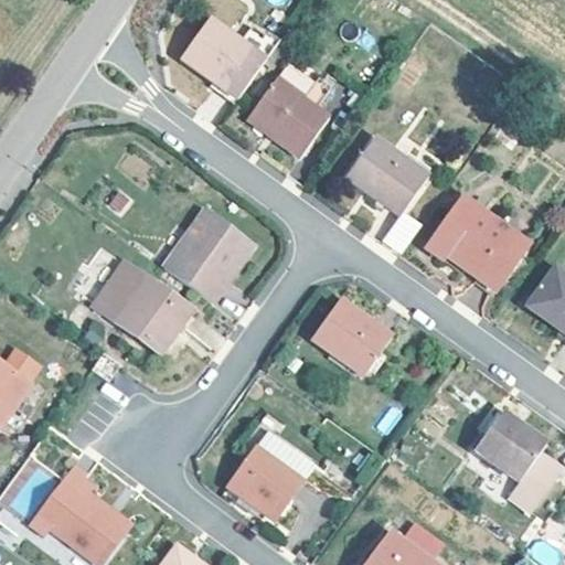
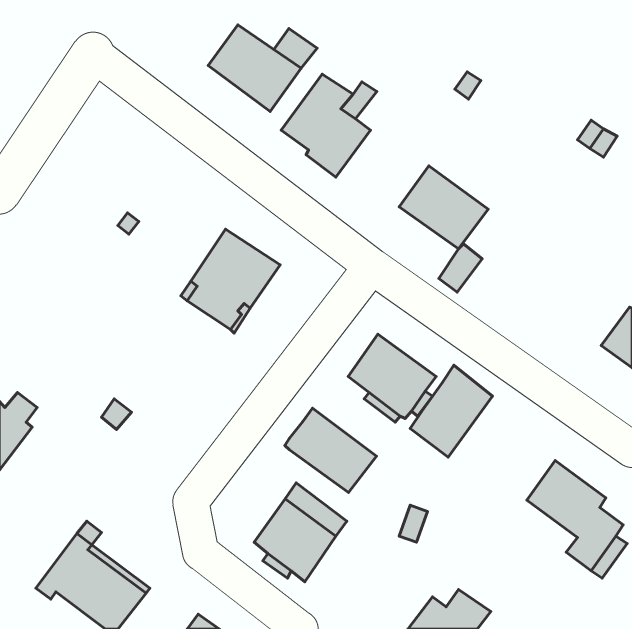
building: [436,205,531,294] -> none
building: [92,258,190,349] -> none
building: none -> [410,365,492,457]
building: none -> [285,408,377,492]

